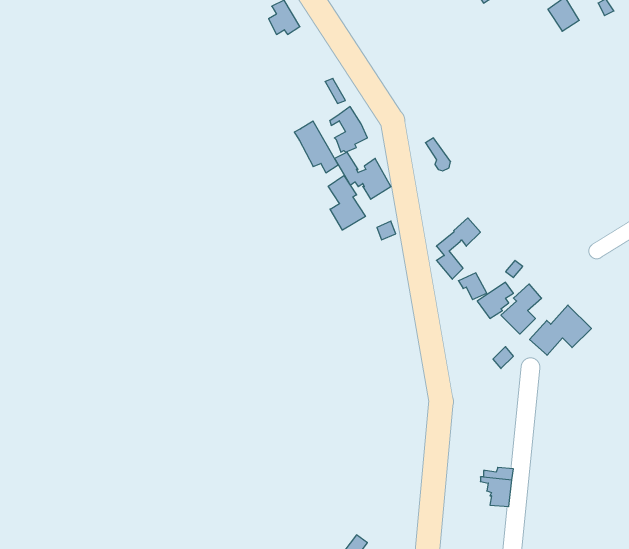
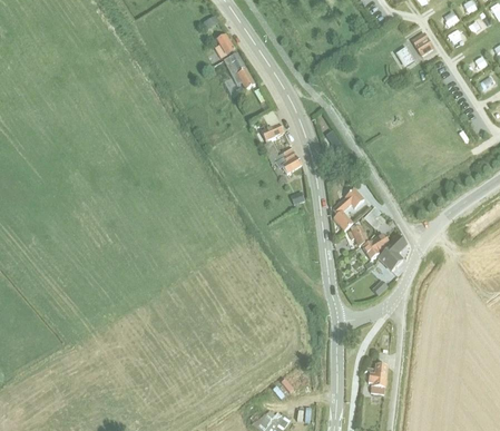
building: [294,121,338,173] -> [223,52,254,89]
building: [328,176,365,230] -> none
building: [530,305,591,355] -> none

